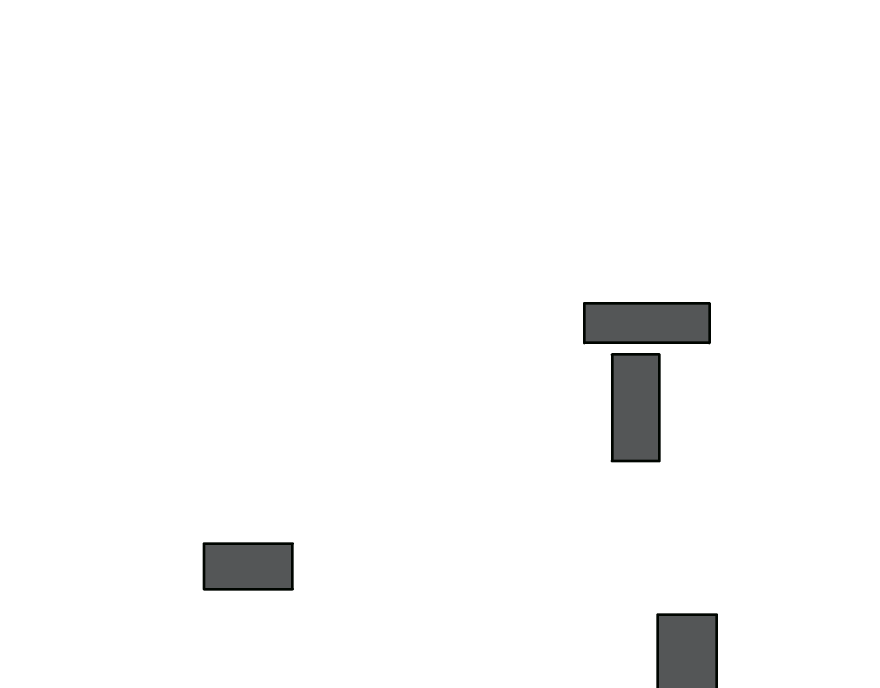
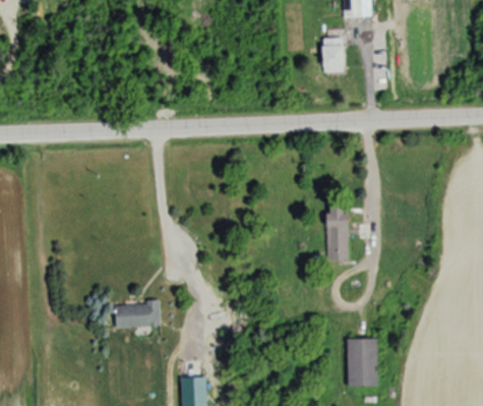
building: none -> [321,39,346,71]
building: [584,303,709,343] -> none

